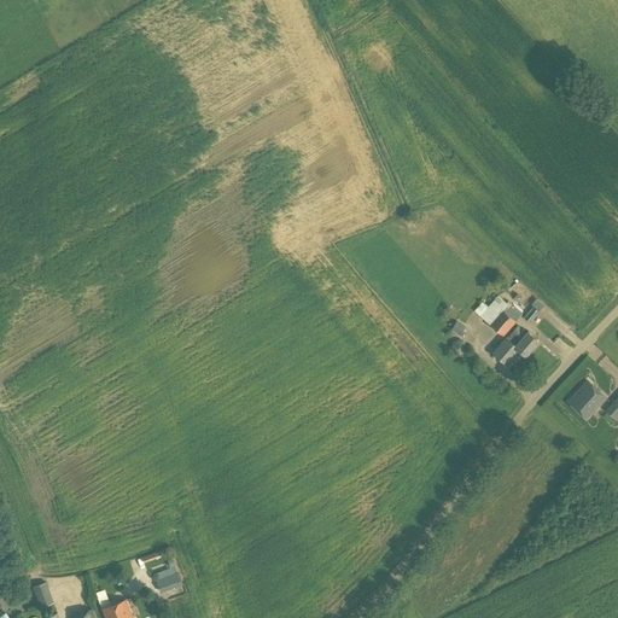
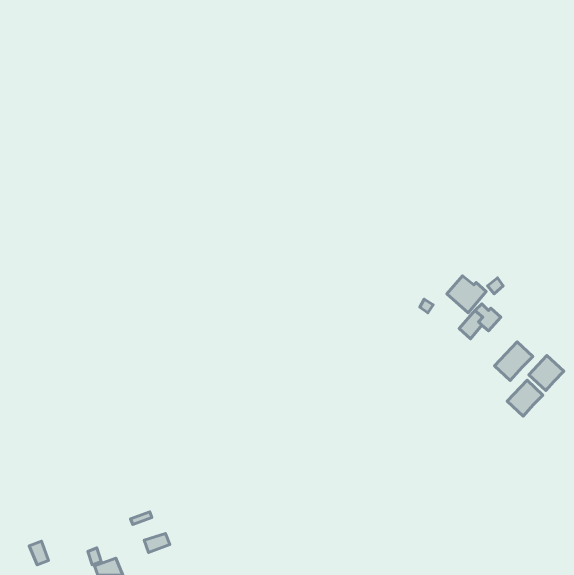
building: none -> [495,342,533,381]
building: none -> [507,380,543,416]

